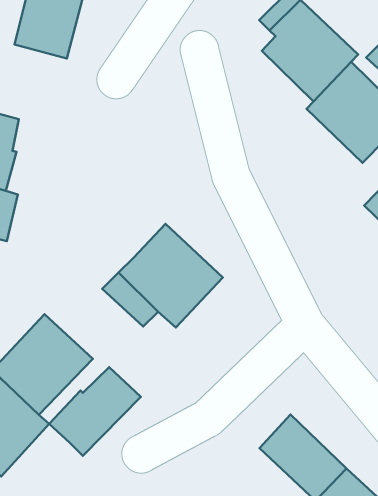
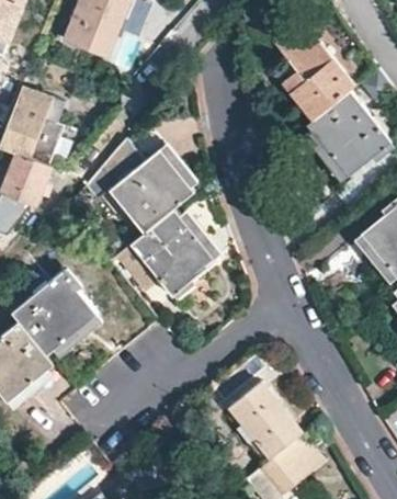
building: none -> [86,138,195,235]
building: [49,367,141,456] -> none

